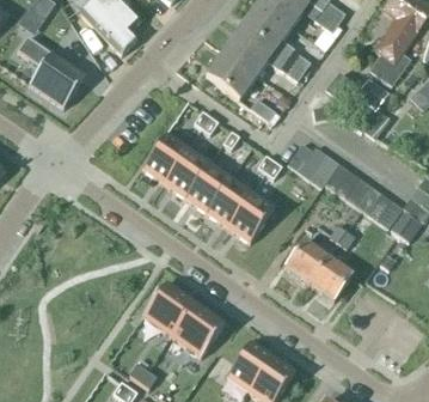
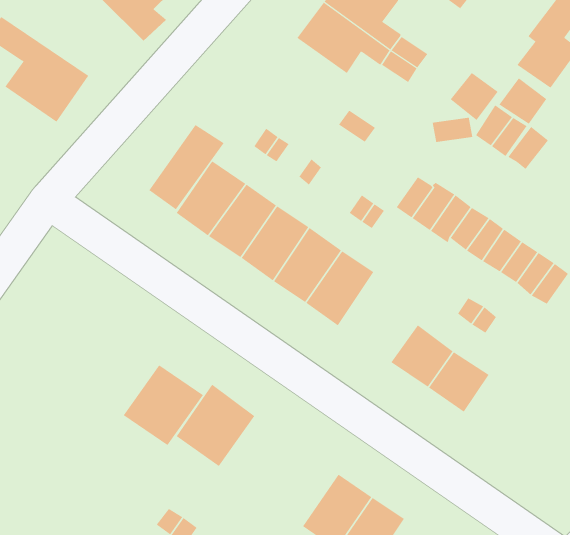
building: [206,50,257,99] -> none
building: none -> [149,124,225,210]
building: [172,302,226,355] -> [123,365,204,446]

